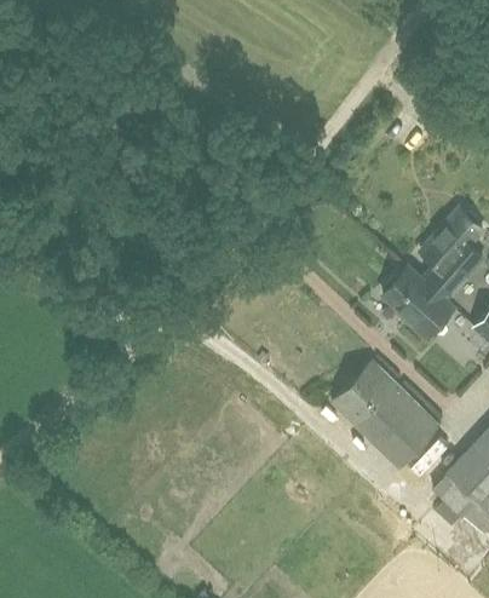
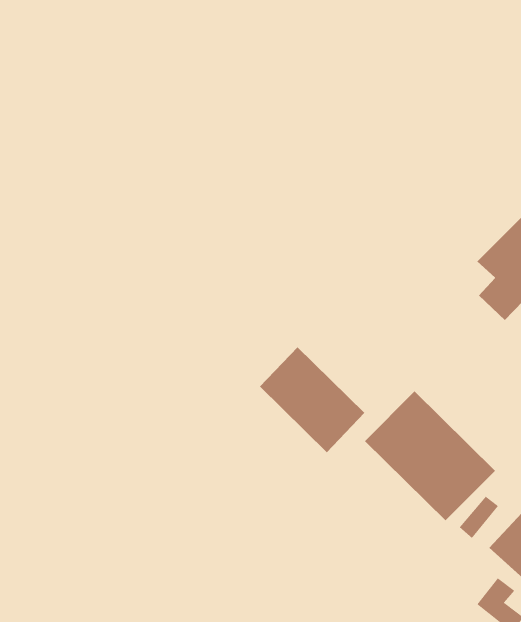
building: [382,266,453,338] -> none
building: none -> [259,346,365,453]

